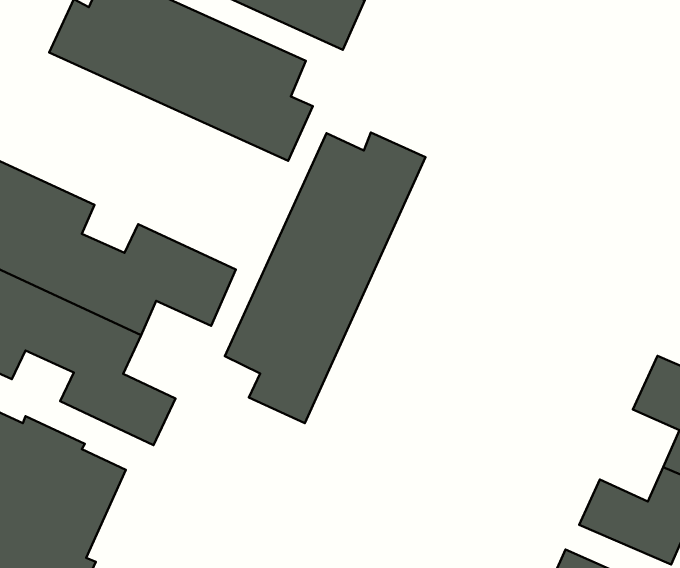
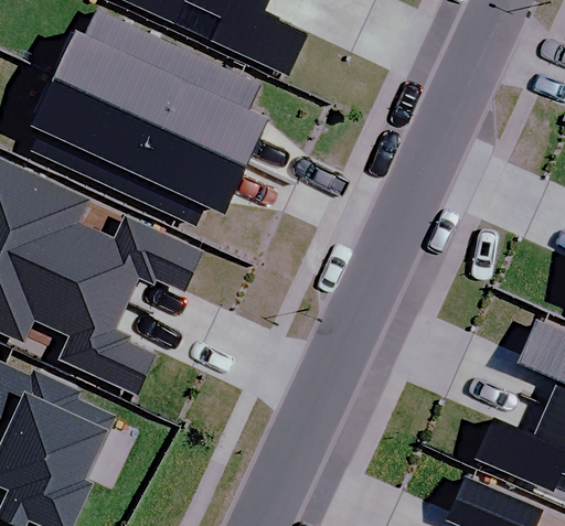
building: none -> [31,75,245,222]
building: [225,133,426,423] -> none

